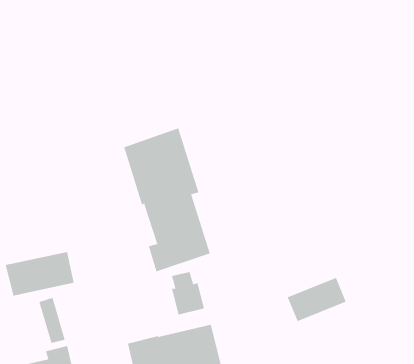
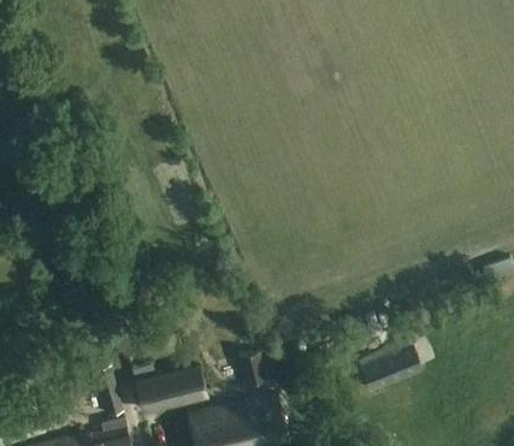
building: [123,128,210,272] -> none
building: [5,251,75,296] -> [132,364,207,412]

